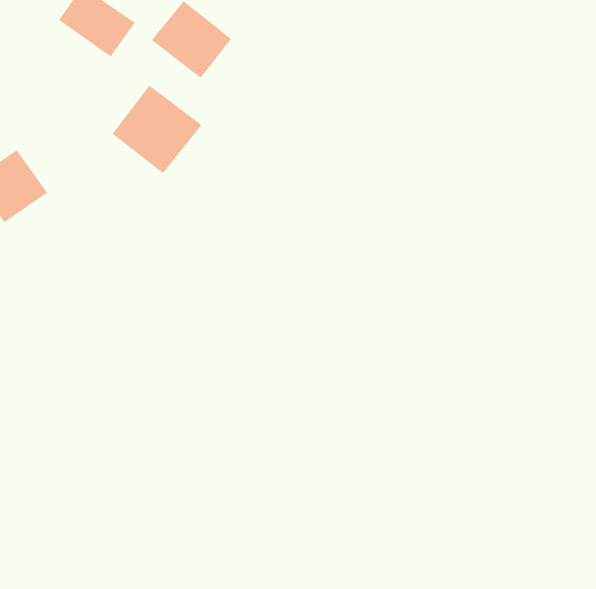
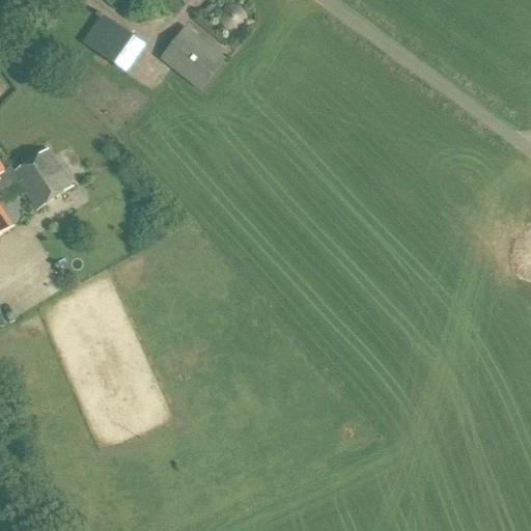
building: [112,84,202,174] -> none

